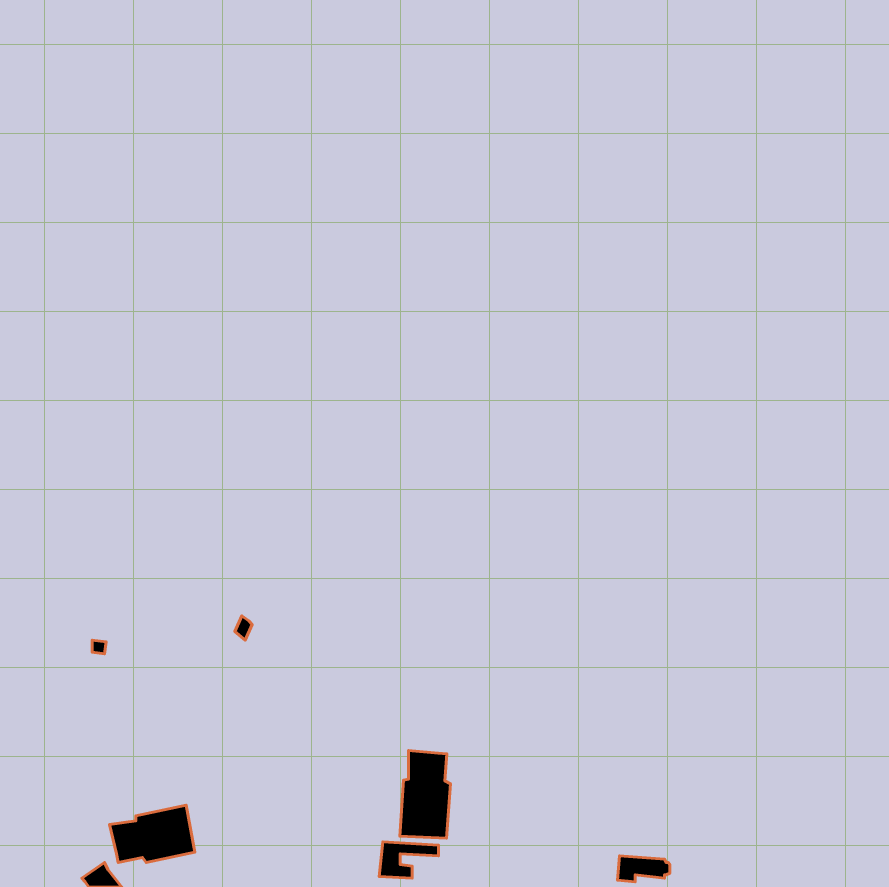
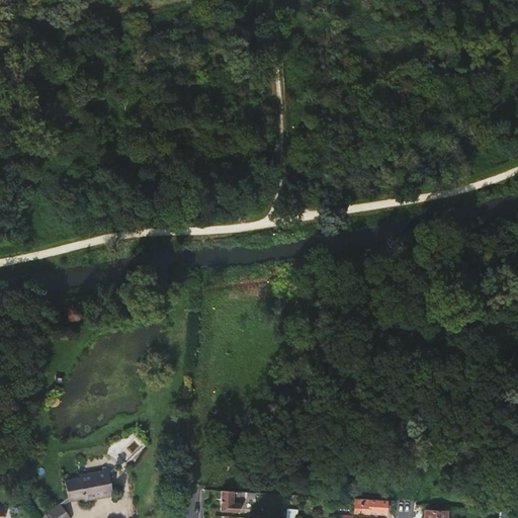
building: [400,751,450,838] -> none

